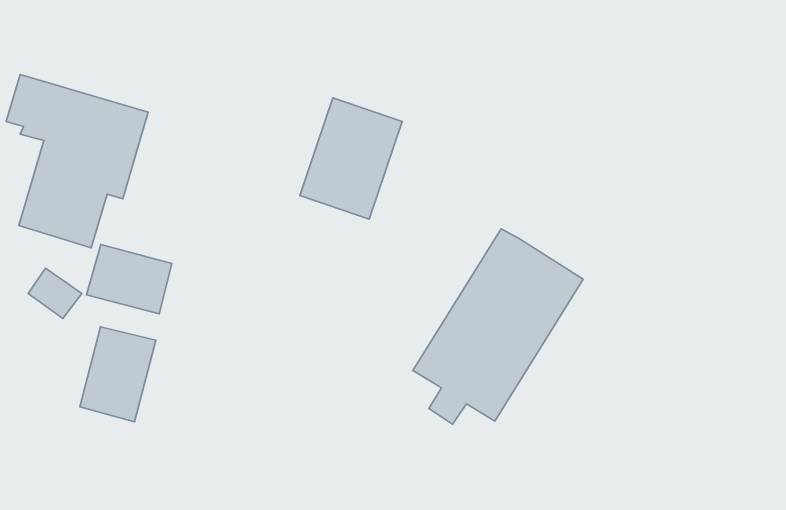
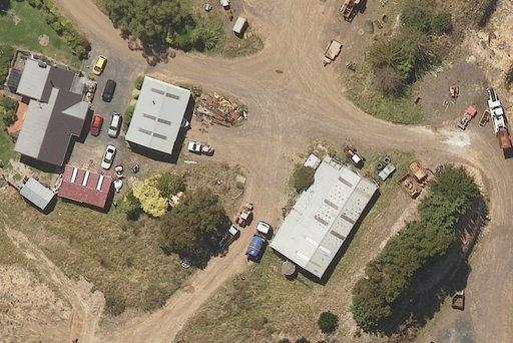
building: [300,98,402,219] -> [127,77,192,154]
building: [80,327,156,422] -> none

